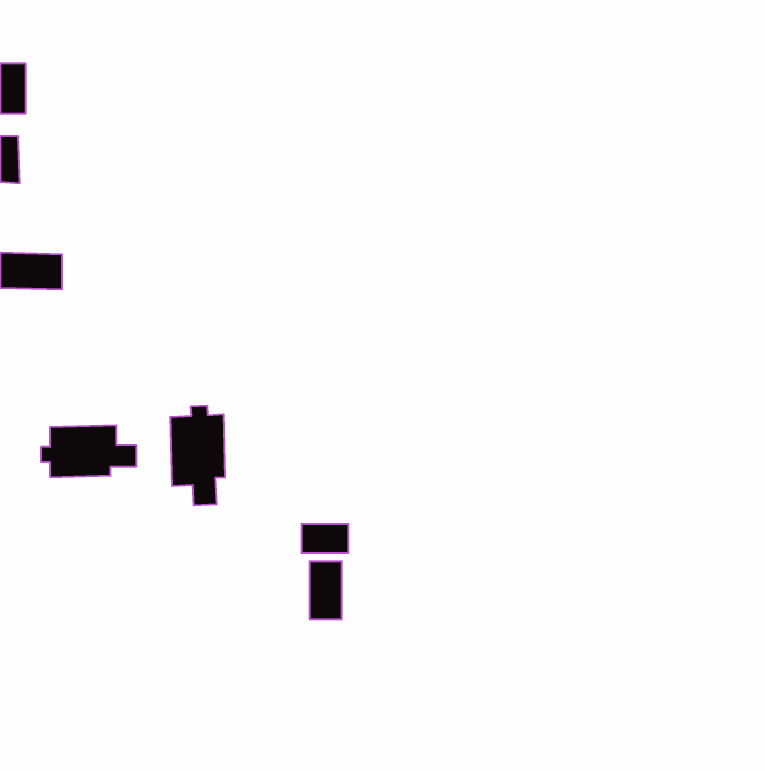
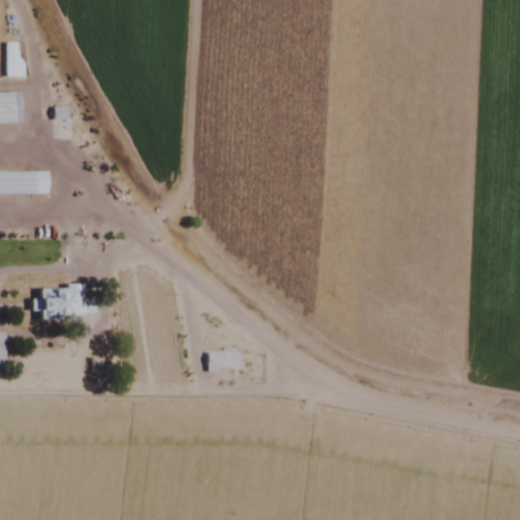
building: [170,406,225,506] -> none
building: [310,561,341,620] -> none

